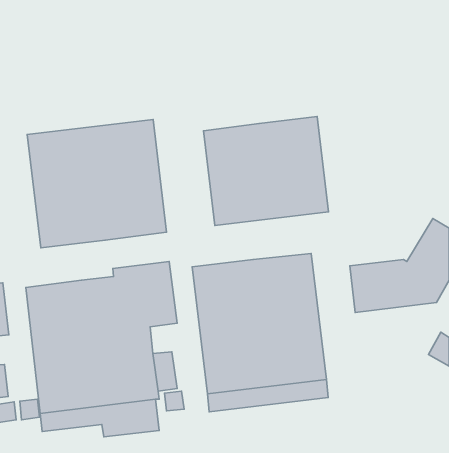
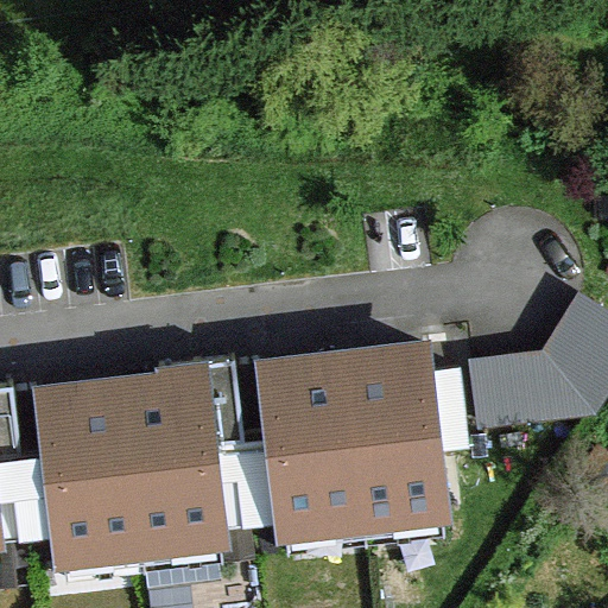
building: [204,116,329,225] -> none
building: [27,120,167,248] -> none

